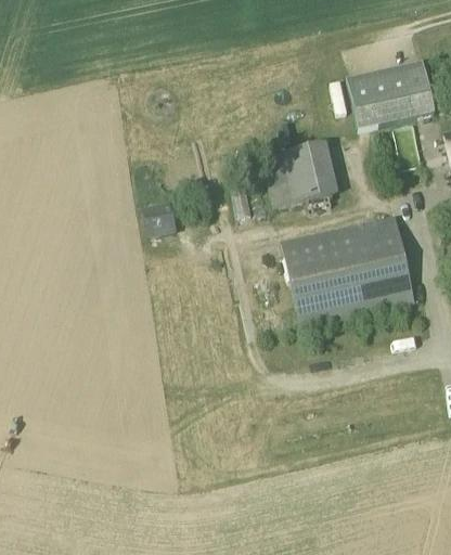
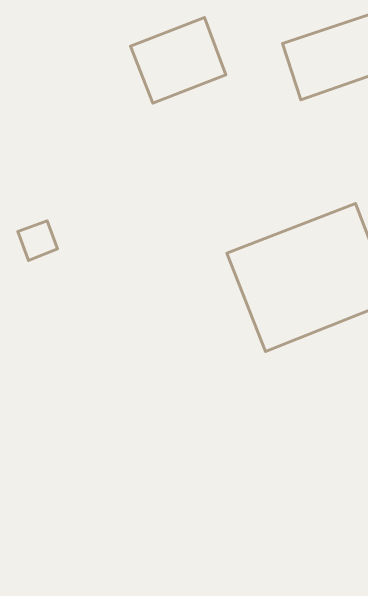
building: [261,143,338,209] -> [131,17,226,103]
building: [144,208,176,240] -> [18,221,58,261]

